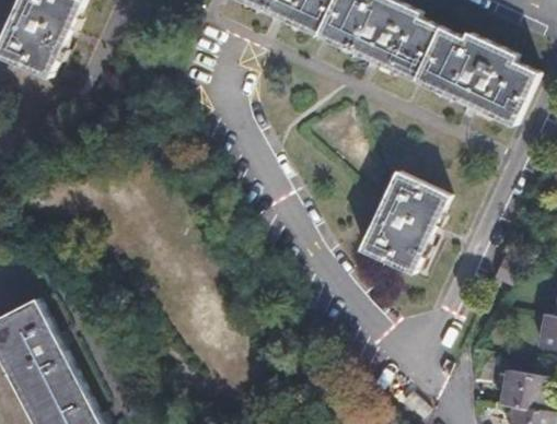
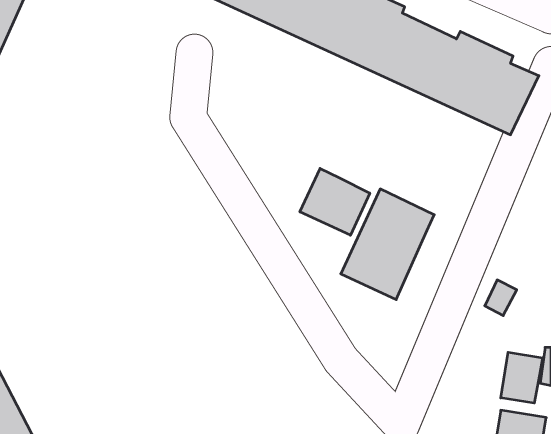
building: none -> [300,168,370,235]
building: none -> [501,352,543,403]

